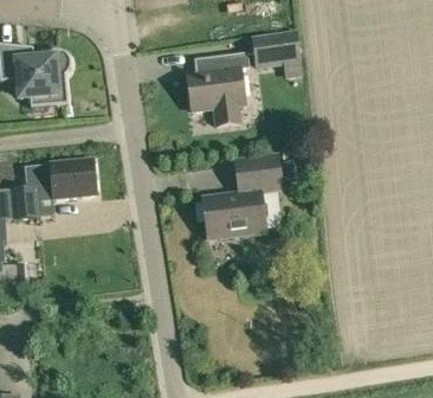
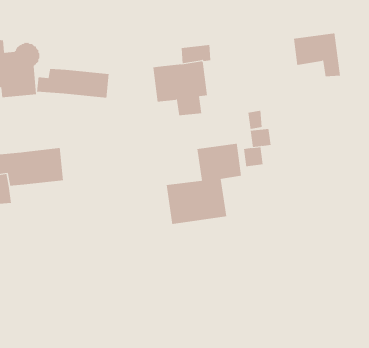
building: [251,32,300,78] -> [293,33,341,77]
building: none -> [37,68,109,99]

